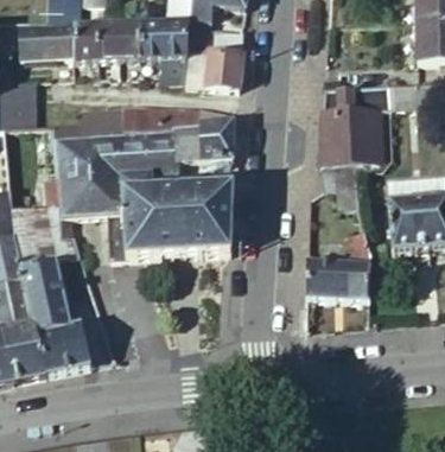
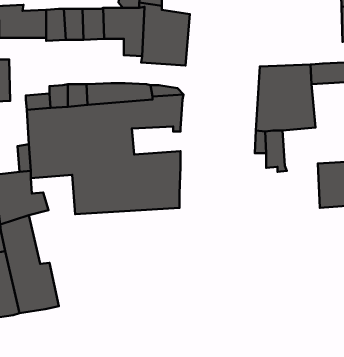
building: [304,229,368,298] -> none

